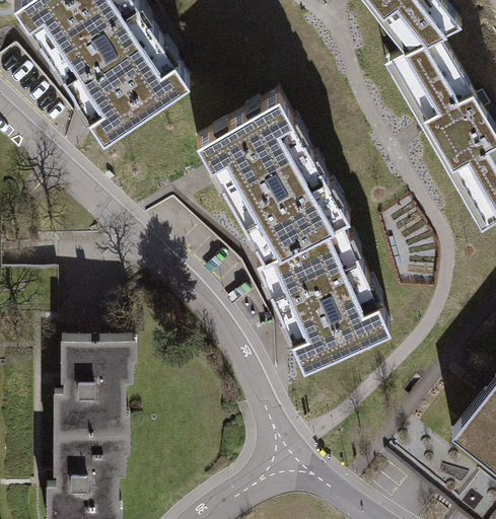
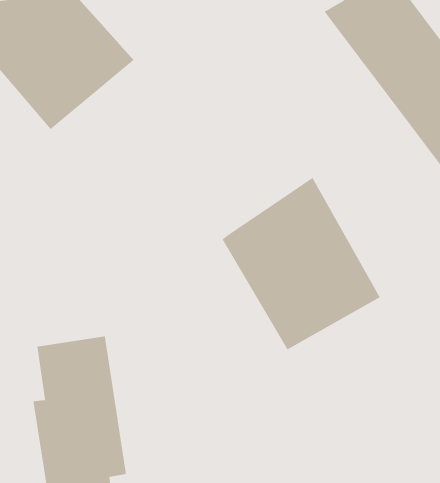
building: [189,84,351,256] -> none

